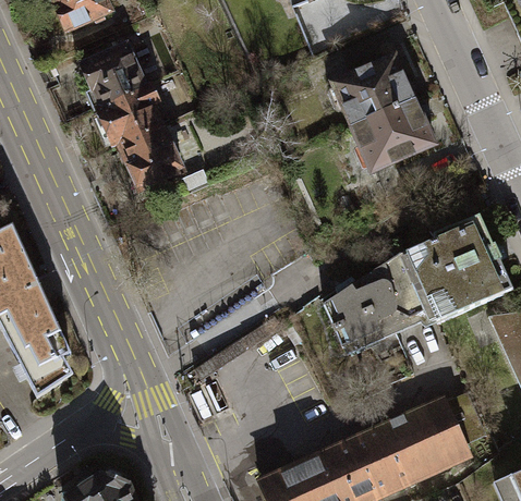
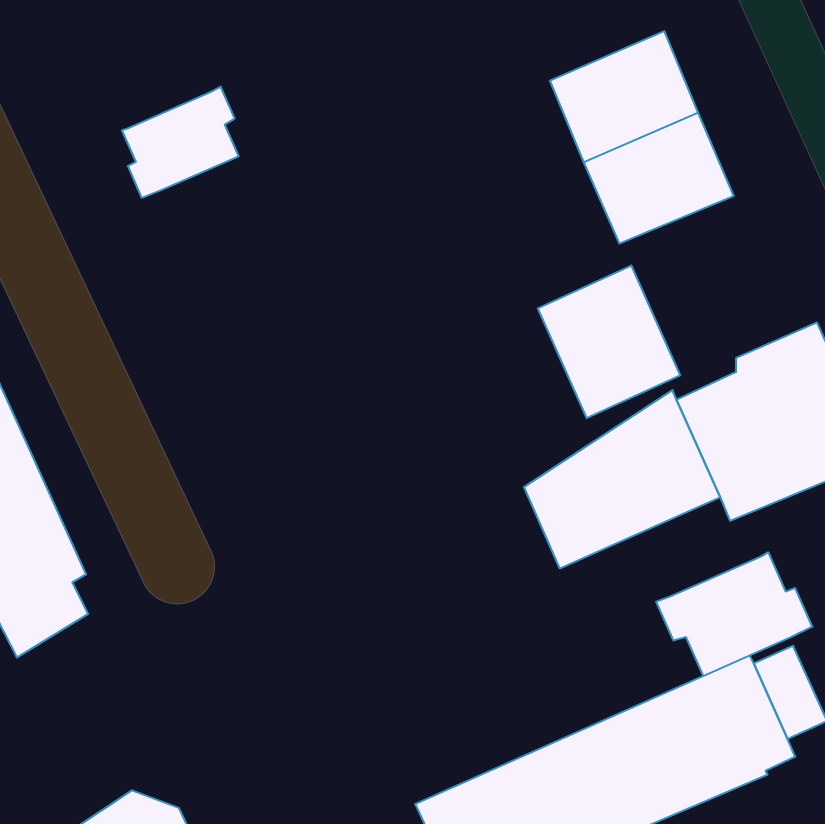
building: [81,46,145,109] -> none
building: [119,124,182,197] -> none
building: none -> [538,265,680,418]
building: none -> [656,552,812,676]

